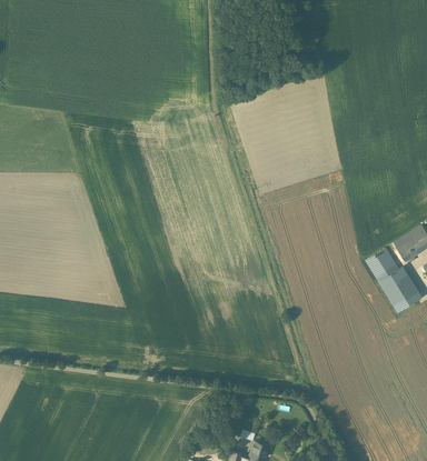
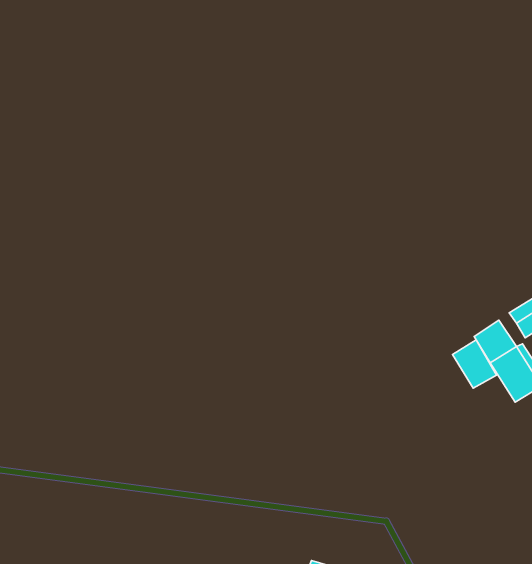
building: none -> [453,340,496,388]

